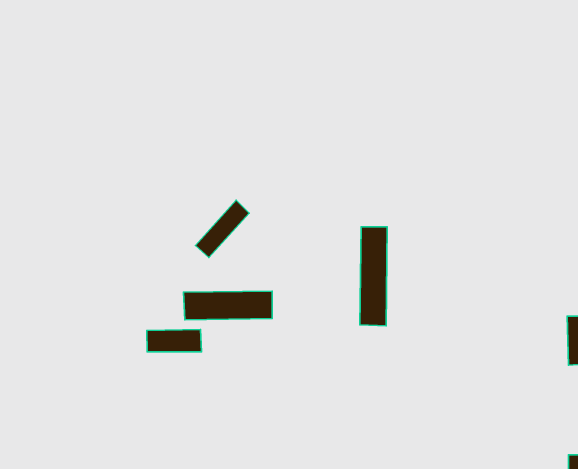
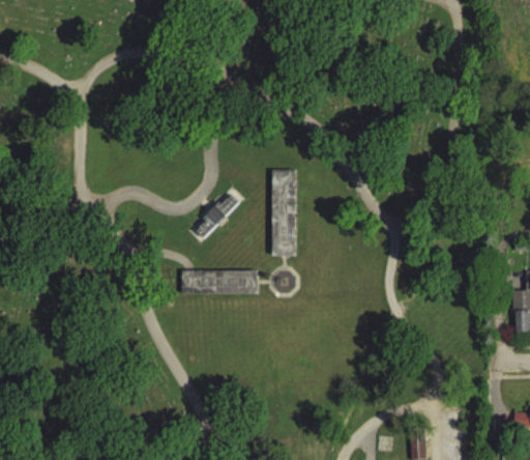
building: [360,227,387,326] -> [271,170,295,256]
building: [147,330,202,352] -> none

